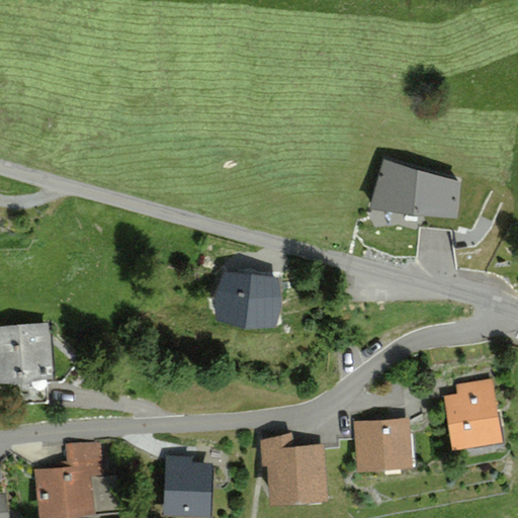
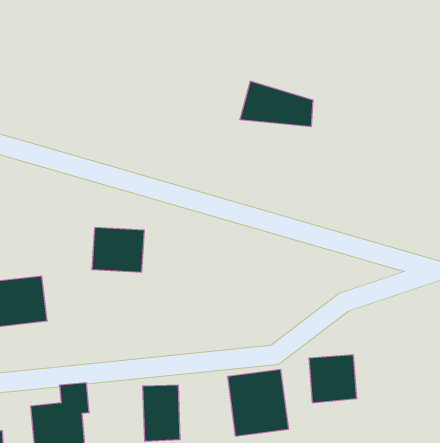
building: [363,165,448,218] -> [240,81,313,126]
building: [221,271,281,323] -> [92,228,144,272]
building: [436,380,498,451] -> none

